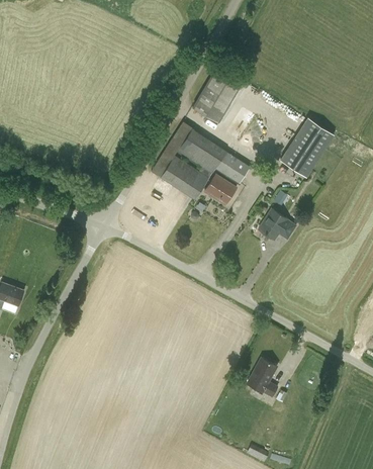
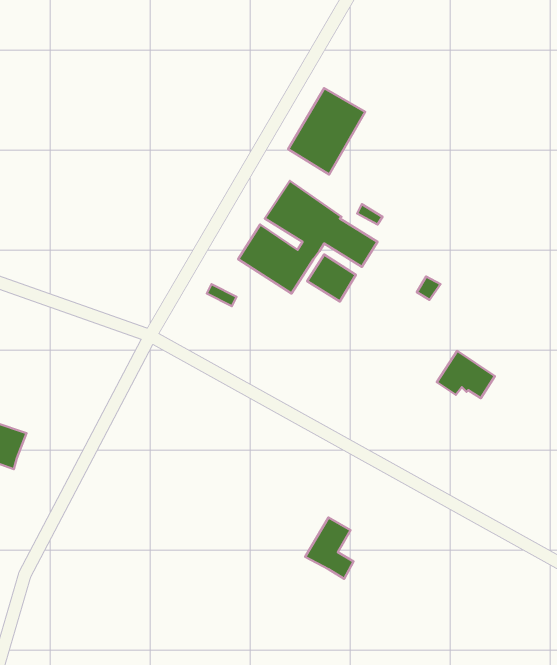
building: [280,117,334,176] -> none
building: [259,208,296,239] -> [437,351,495,398]
building: [247,358,278,397] -> [305,518,354,579]

